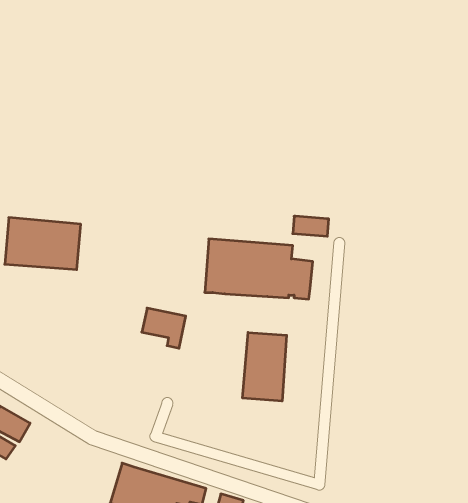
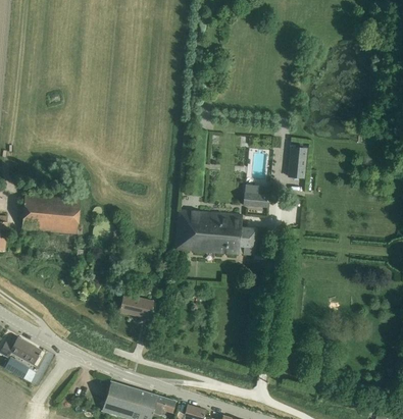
building: none -> [288,147,306,177]
building: [142,308,186,348] -> [119,295,153,325]
building: [243,332,287,401] -> none

